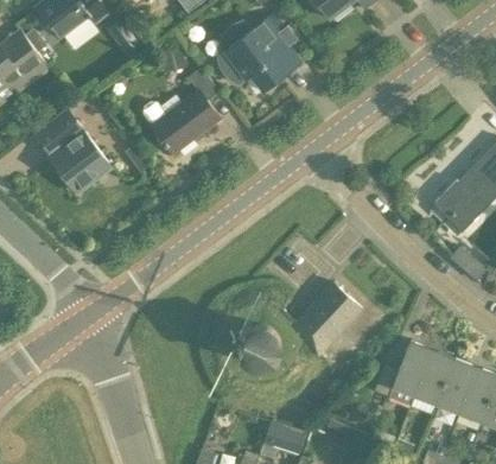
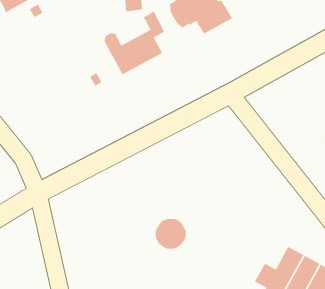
building: [32,109,110,192] -> none
building: [294,282,363,357] -> none

